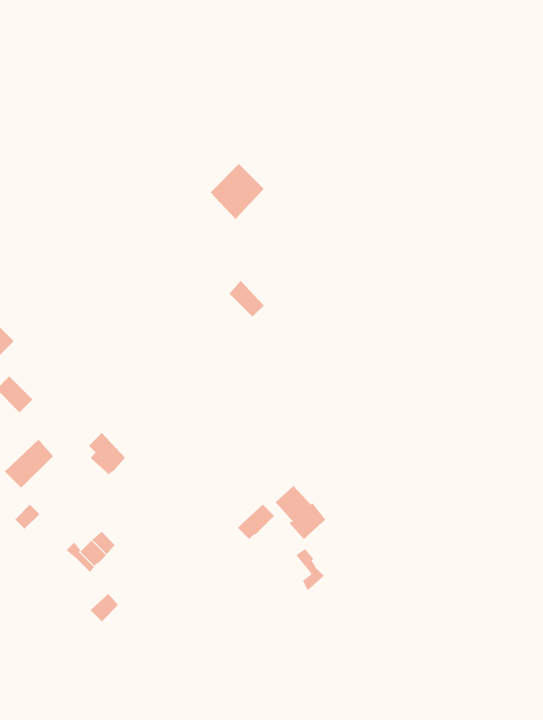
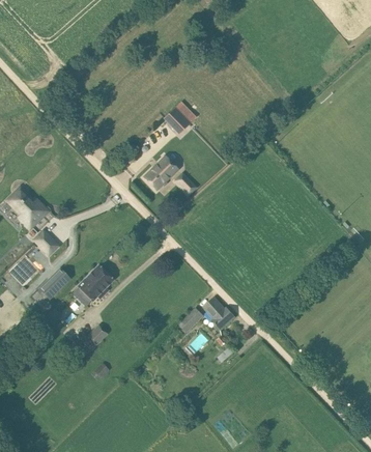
building: none -> [143,157,177,191]
building: none -> [73,274,103,307]

